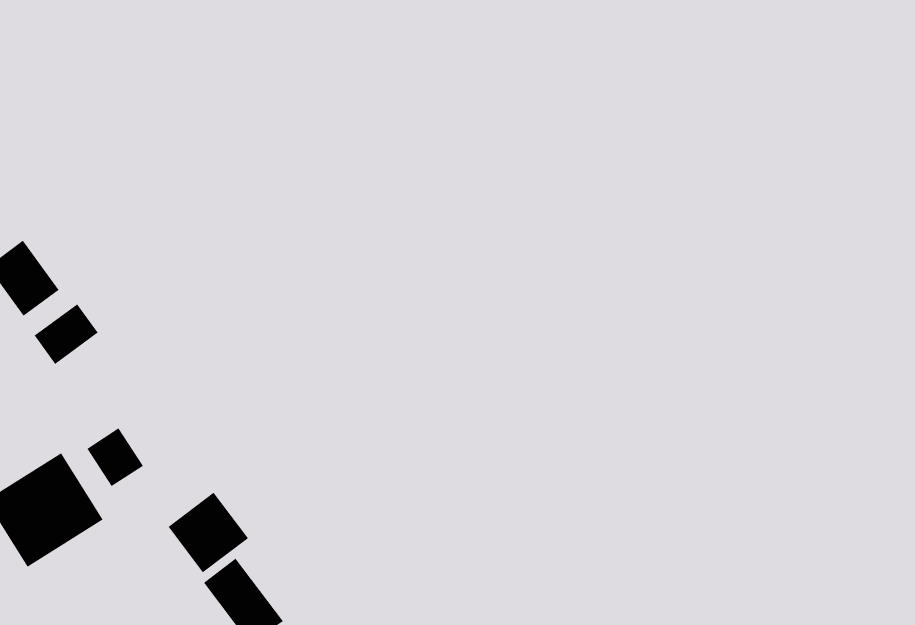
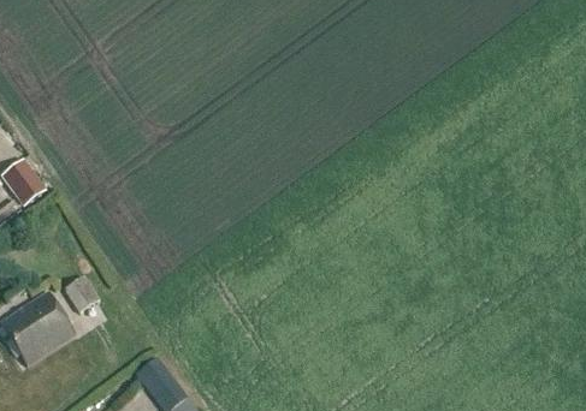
building: [34,303,99,365] -> none
building: [168,492,249,573] -> none

